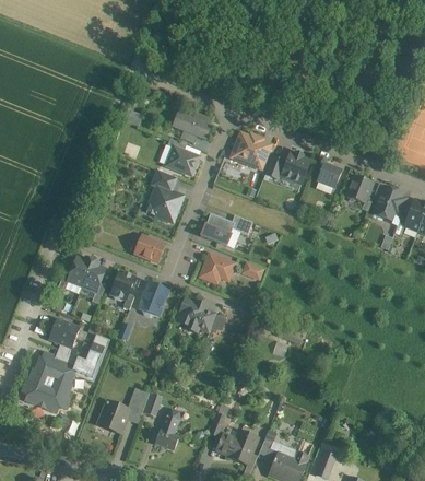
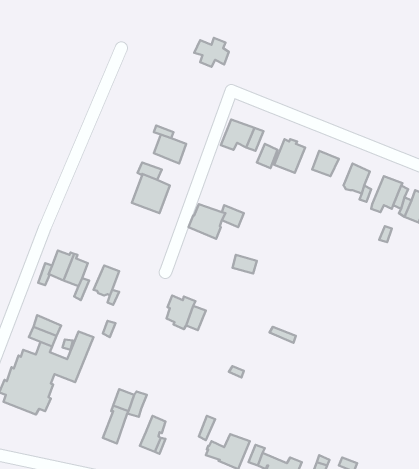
building: [177,114,210,141] -> [194,38,229,67]
building: [134,235,164,262] -> none
building: [199,253,235,281] -> none
building: [138,282,168,316] -> none
building: [96,400,129,434] -> none

